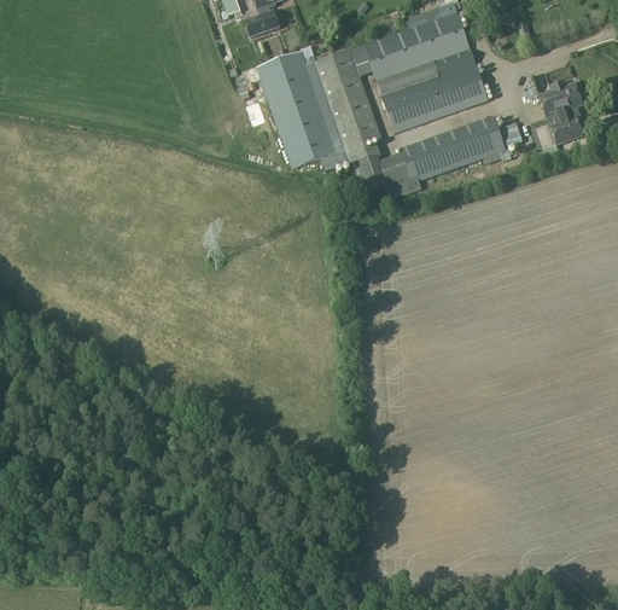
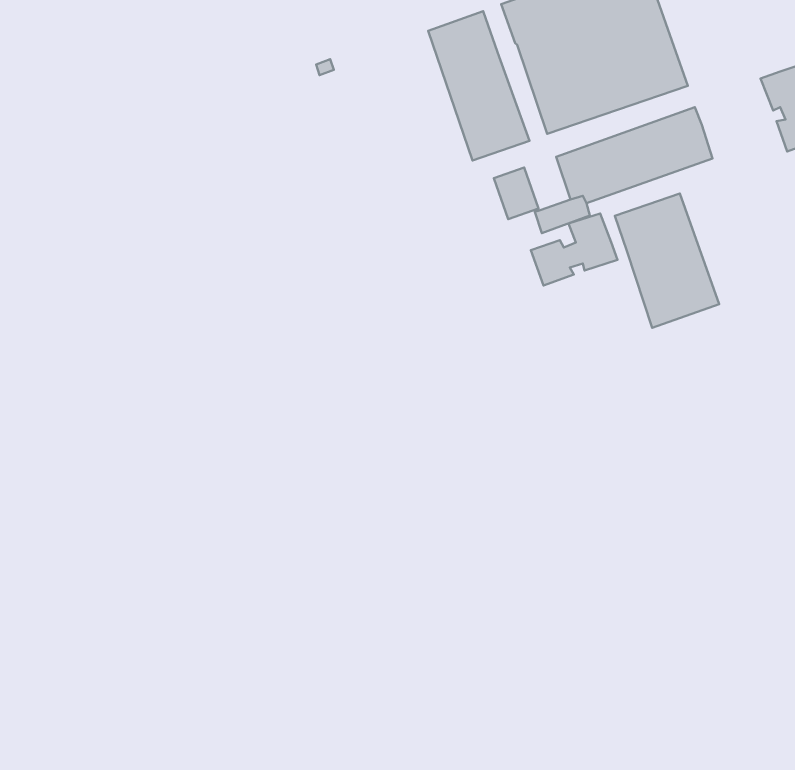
building: [256,50,348,170] -> none
building: none -> [615,194,719,328]
building: none -> [531,214,617,286]

